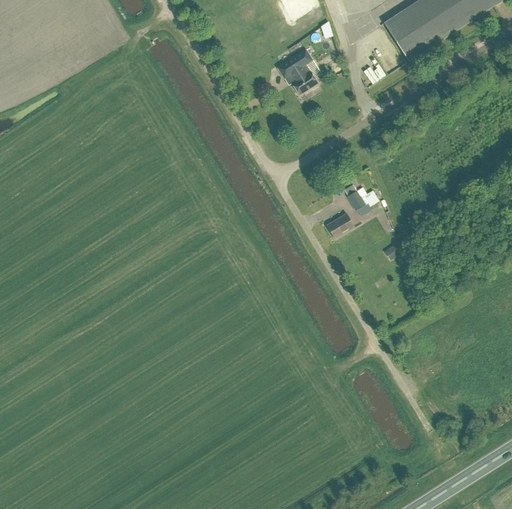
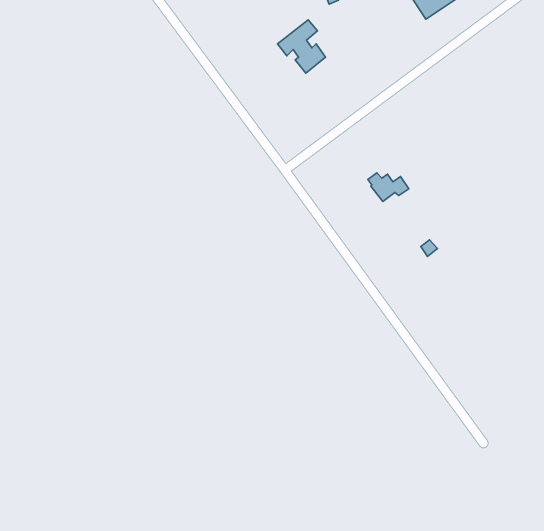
building: [328,213,355,238] -> none

